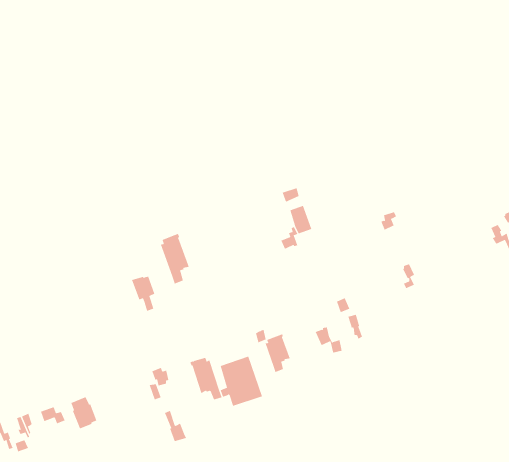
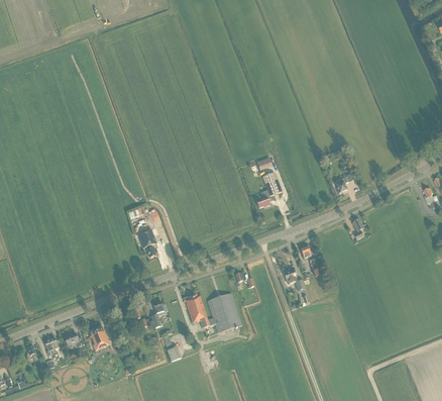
building: [160,233,190,284] -> none
building: [265,334,290,373] -> none

